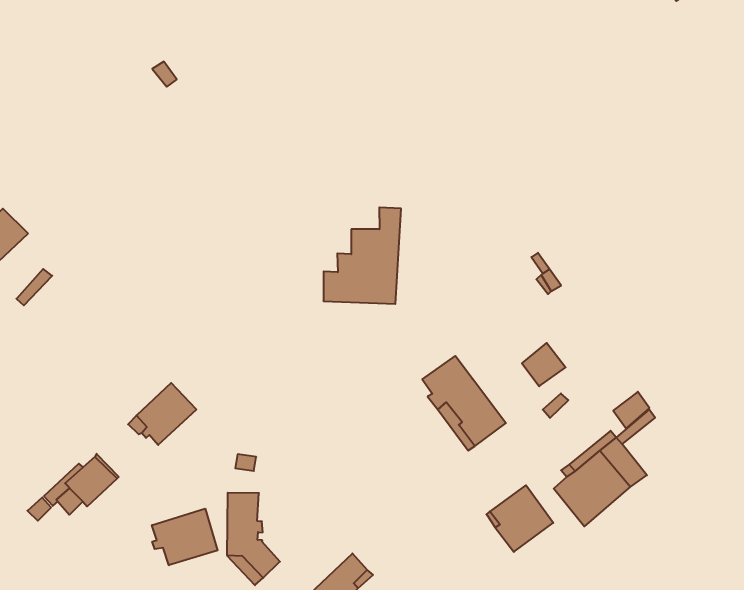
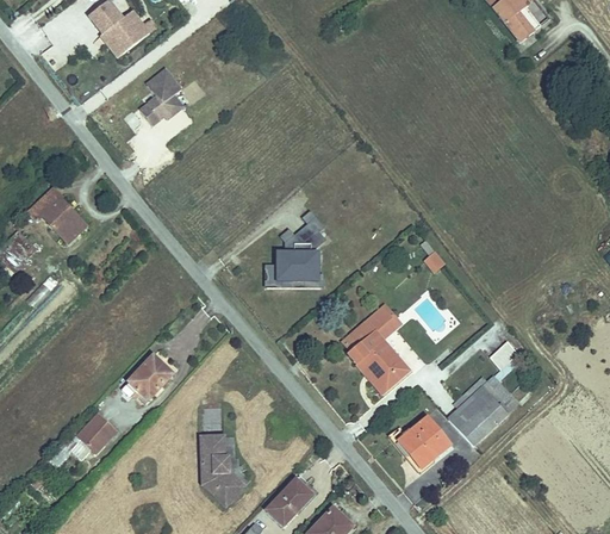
building: none -> [139,69,182,125]
building: none -> [27,187,86,243]
building: [522,343,566,386] -> [367,305,400,339]
building: [152,509,218,565] -> none

